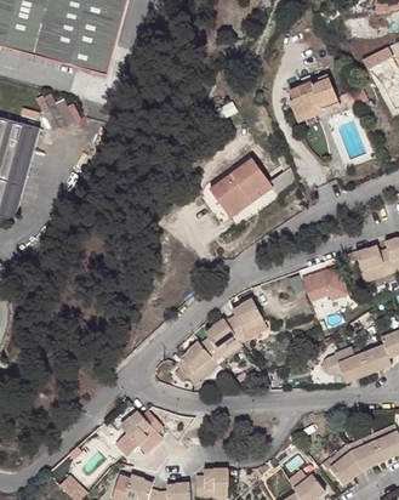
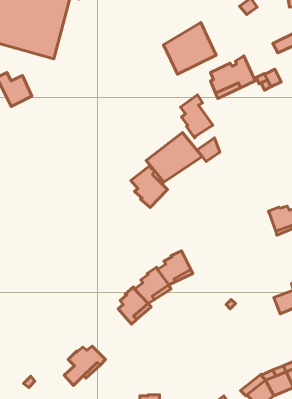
building: none -> [164,23,216,74]
building: none -> [180,95,213,138]
building: none -> [131,166,168,208]
building: [303,268,352,312] -> none
building: [321,347,369,383] -> none

